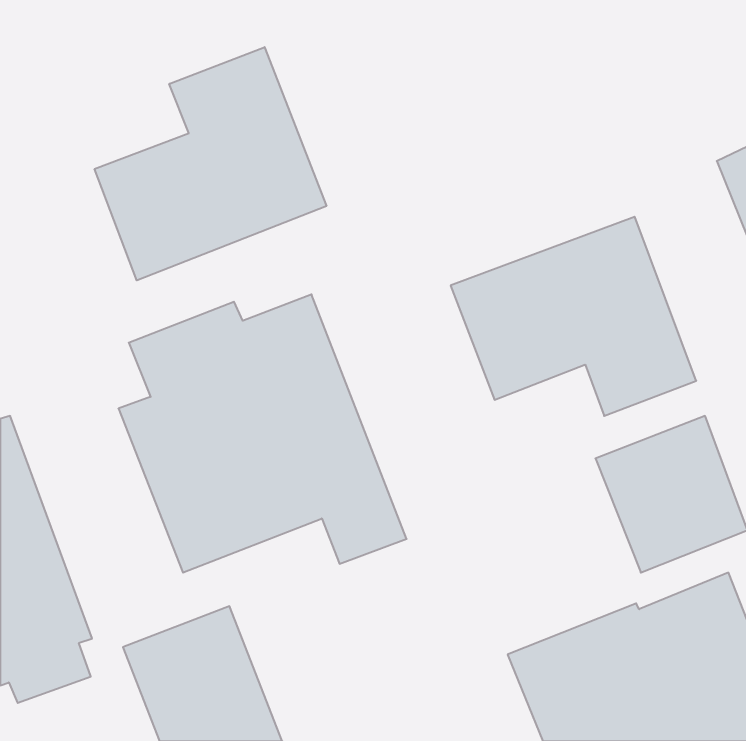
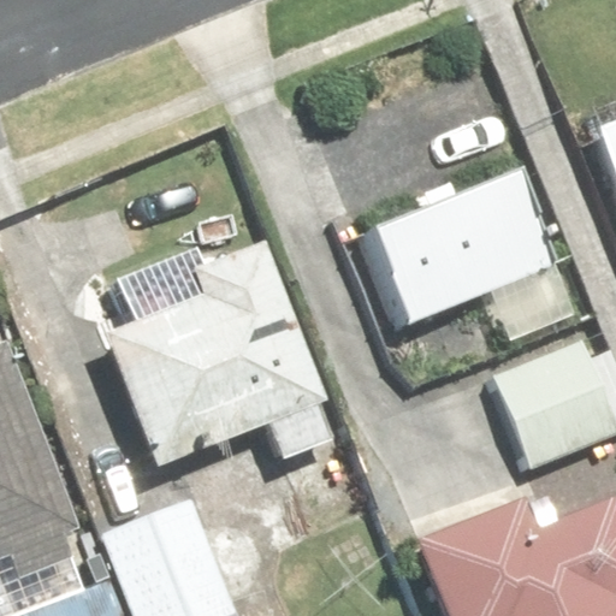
building: [95,47,326,280] -> none

